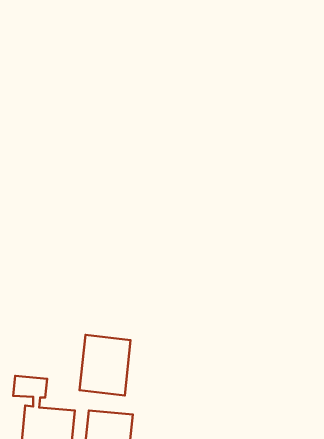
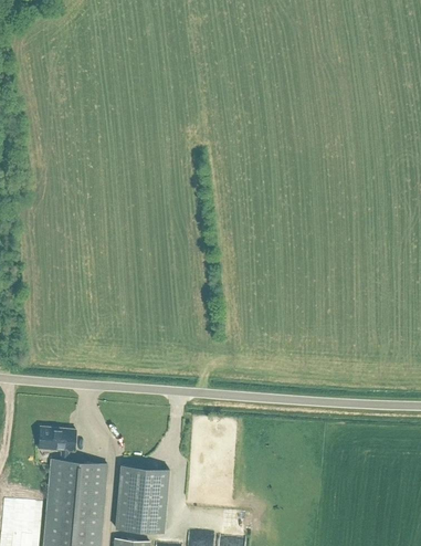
building: [80,335,130,395] -> none

